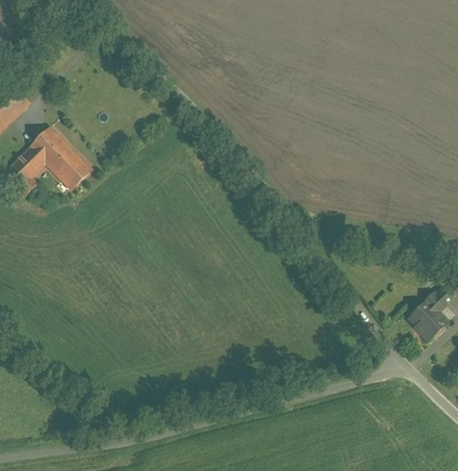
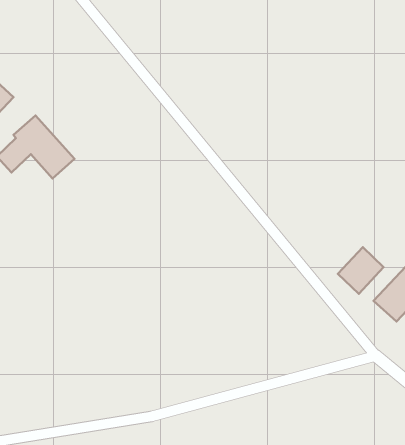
building: none -> [338,247,384,294]

